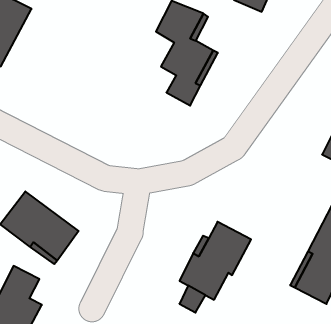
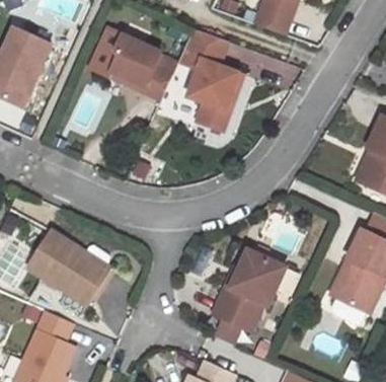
building: none -> [96,35,172,99]

